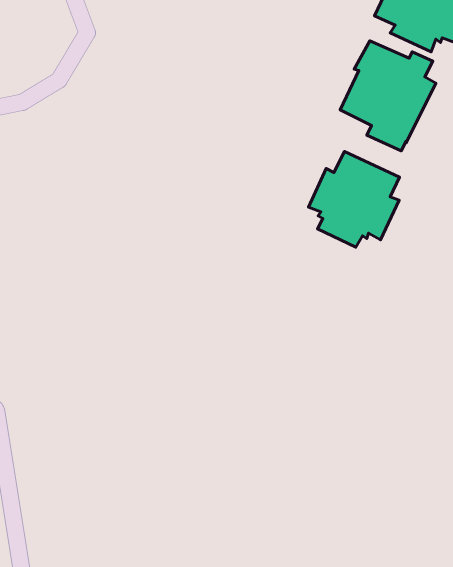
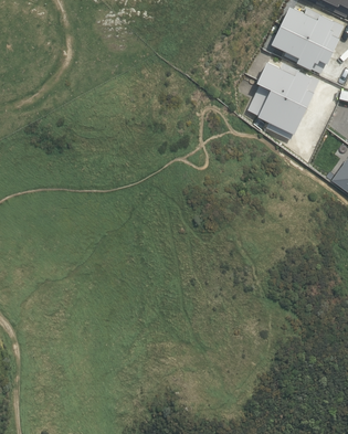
building: [309,152,400,247] -> none

